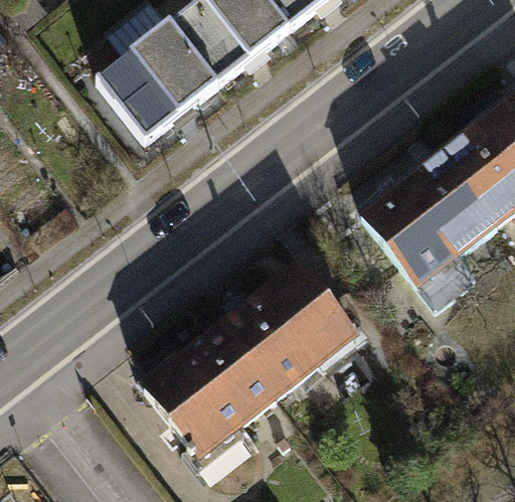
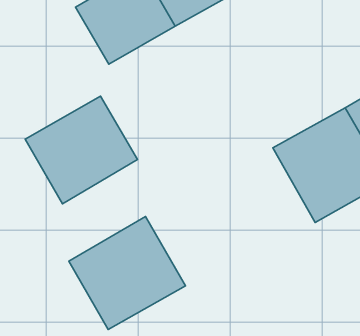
building: none -> [25,96,137,204]
building: [221,255,369,393] -> none

